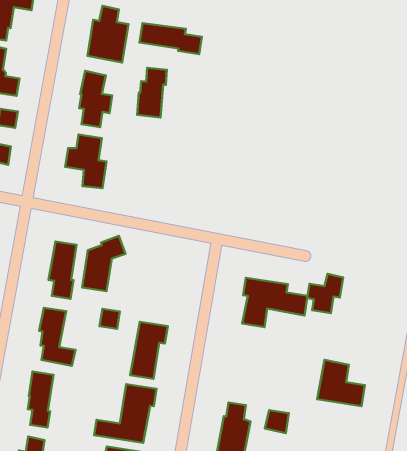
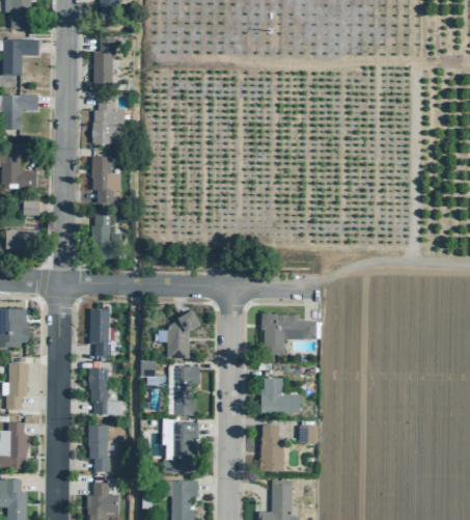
building: [140,23,202,54] -> none
building: [137,68,167,117] -> none
building: [82,236,126,291] -> [167,308,200,358]
building: [307,274,343,313] -> none
building: [317,360,365,406] -> [260,377,300,412]

